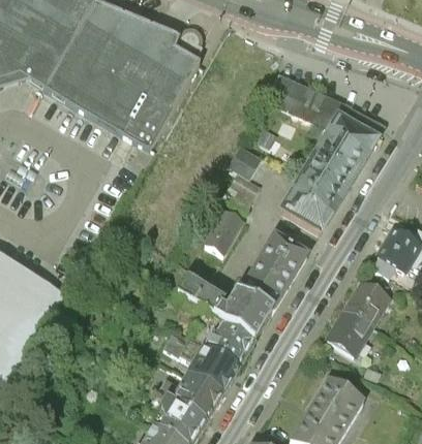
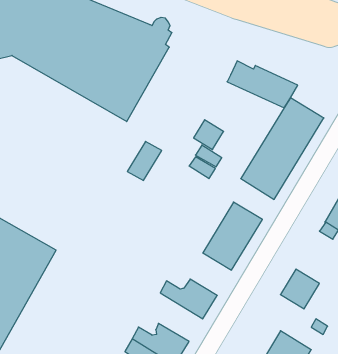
building: [337,102,383,138] -> none
building: [204,207,243,251] -> [127,141,162,180]
building: [176,279,270,342] -> none
building: [343,284,387,328] -> none
building: [163,329,237,394] -> none

